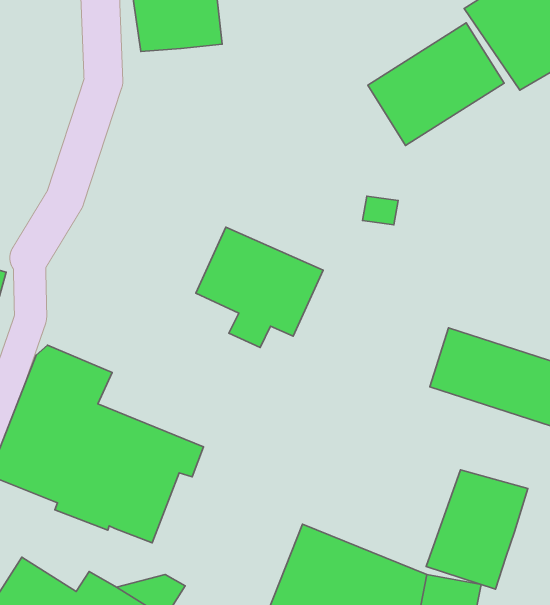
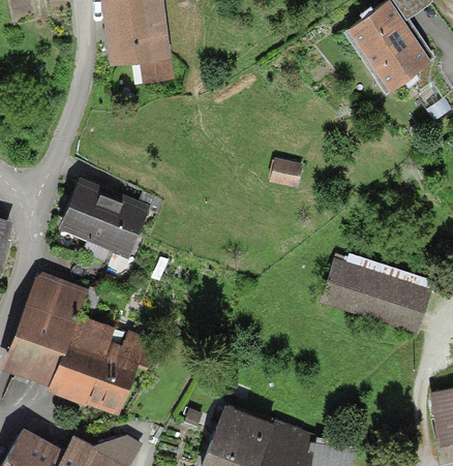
building: [368,23,504,145] -> none
building: none -> [140,56,175,87]
building: [196,227,323,348] -> [59,177,151,263]
building: [426,470,528,589] -> none

